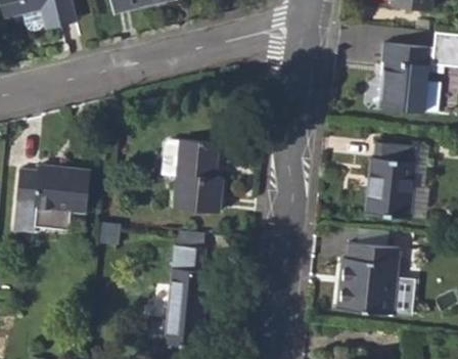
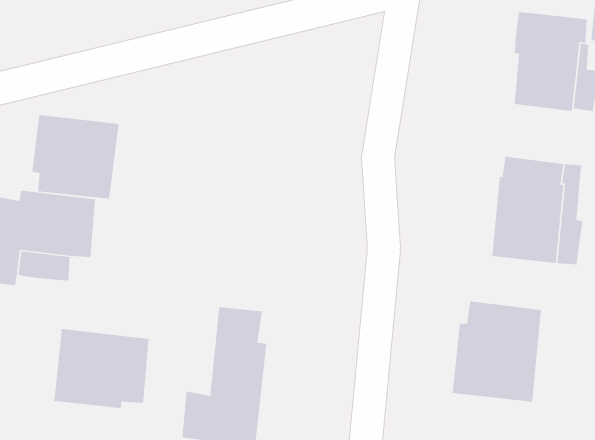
building: none -> [32,114,119,199]
building: [163,138,224,213] -> none
building: none -> [54,328,149,409]

